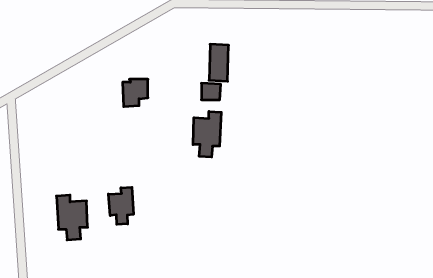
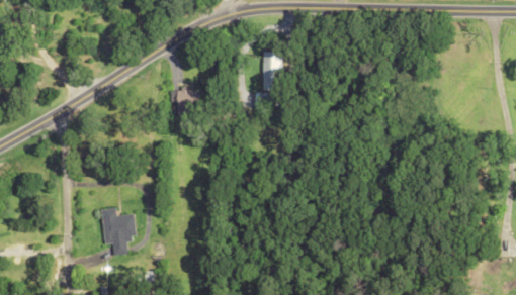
building: [193,111,221,157] -> none
building: [108,187,133,224] -> none

